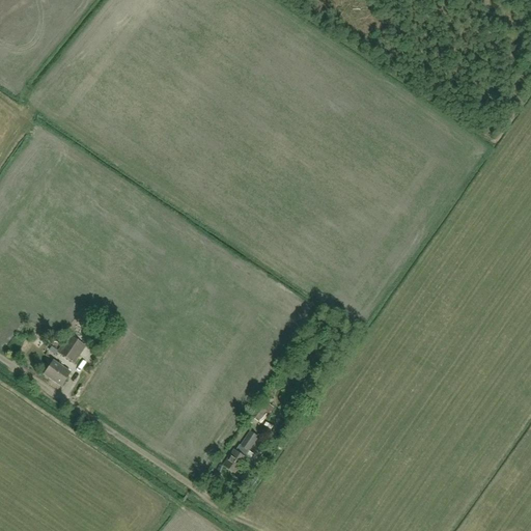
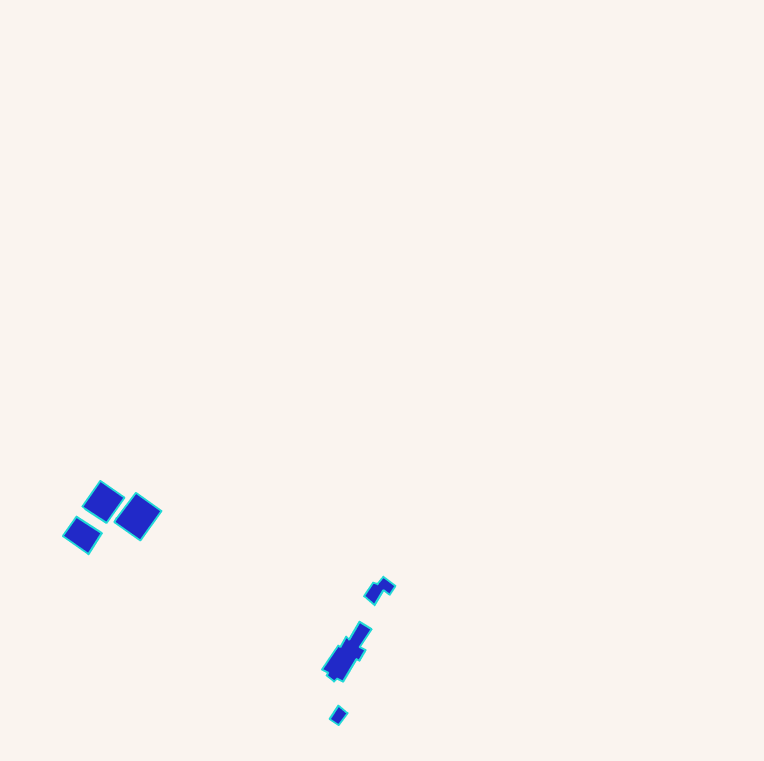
building: none -> [115,493,161,540]

